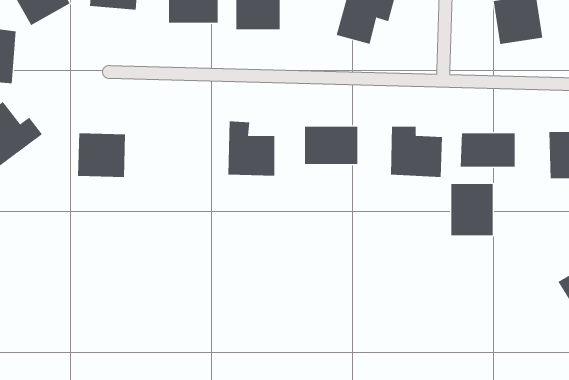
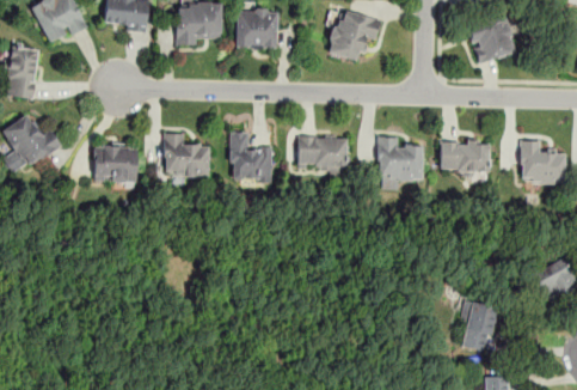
building: none -> [164,133,209,177]
building: [451,183,493,236] -> none
building: none -> [461,299,499,352]

